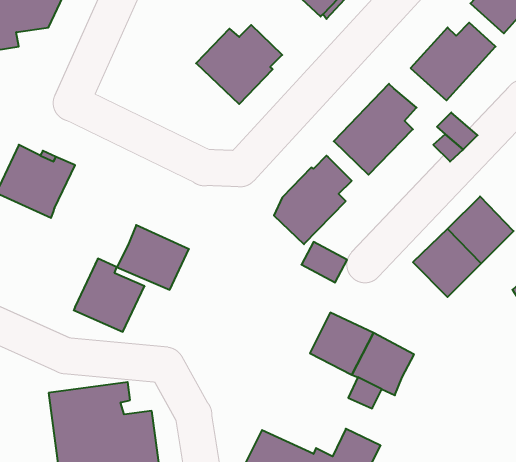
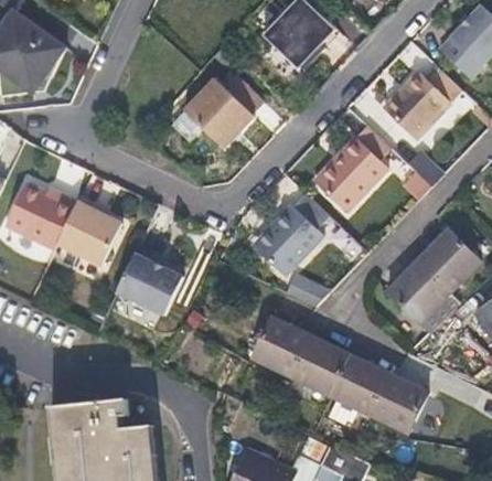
building: [74,259,145,332] -> [55,196,120,264]
building: none -> [253,318,310,374]
building: none -> [370,375,426,430]

